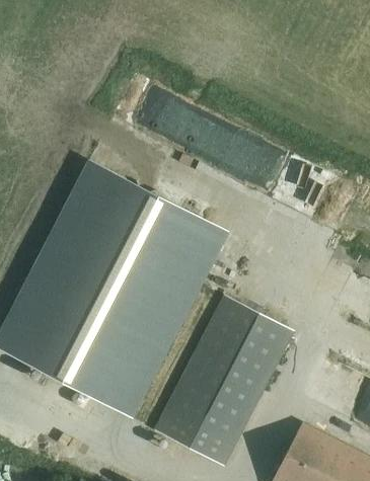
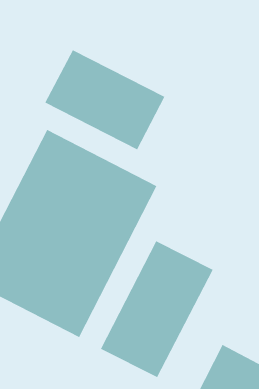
building: none -> [44,49,166,151]

